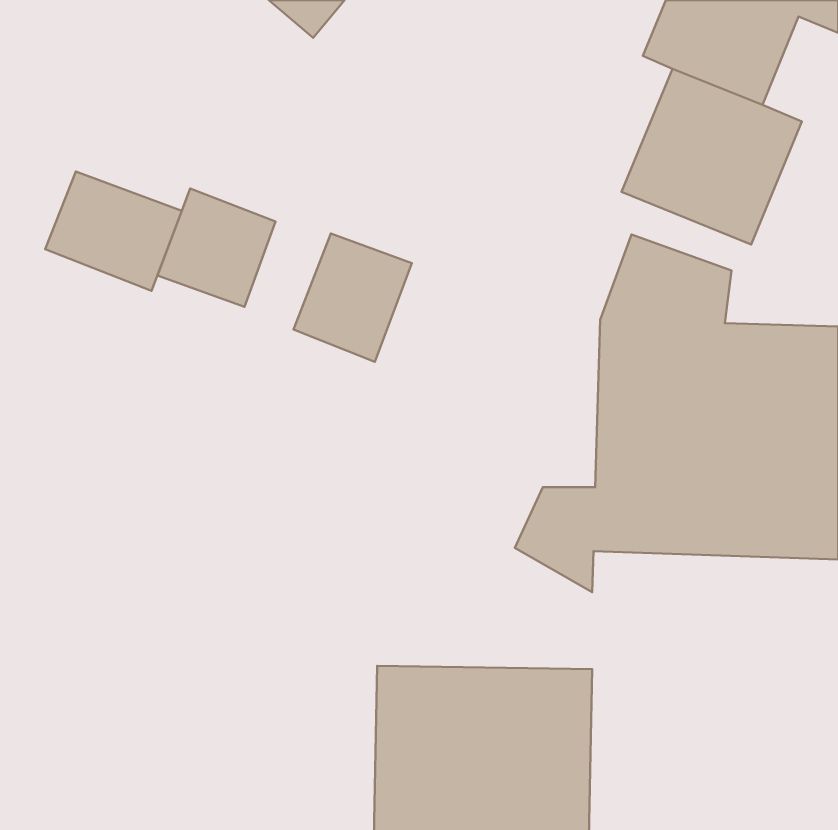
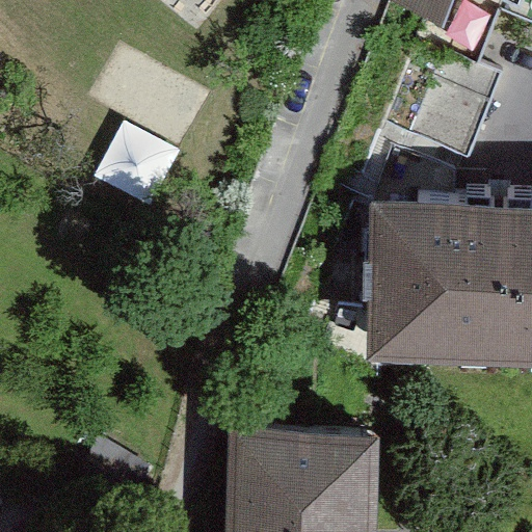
building: [45,171,182,291] -> none
building: [294,233,412,362] -> none

